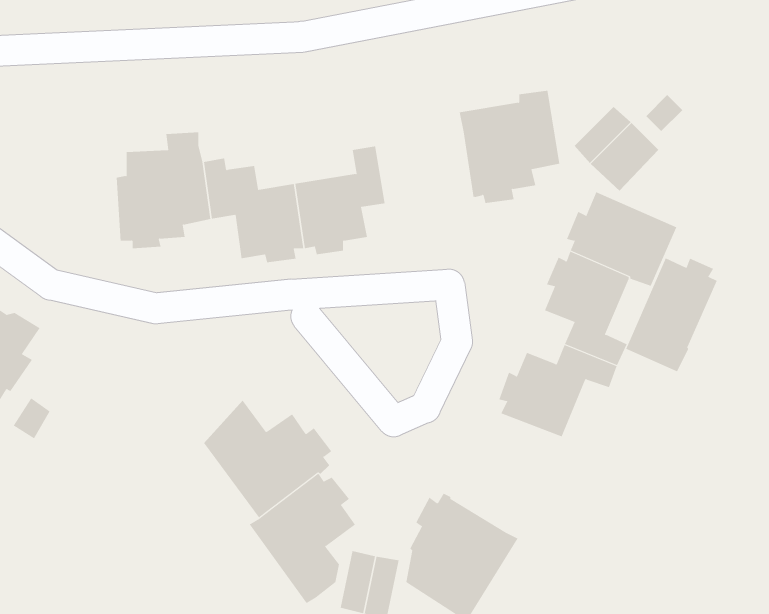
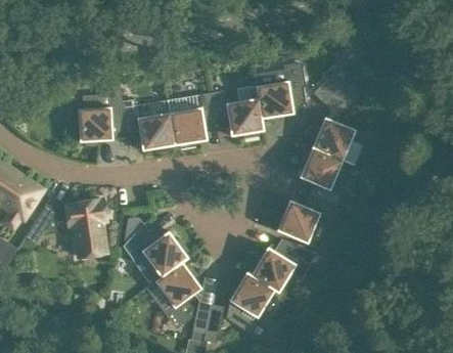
building: none -> [212,85,264,138]
building: [625,257,717,372] -> none
building: none -> [61,200,102,256]
building: none -> [250,238,317,292]

